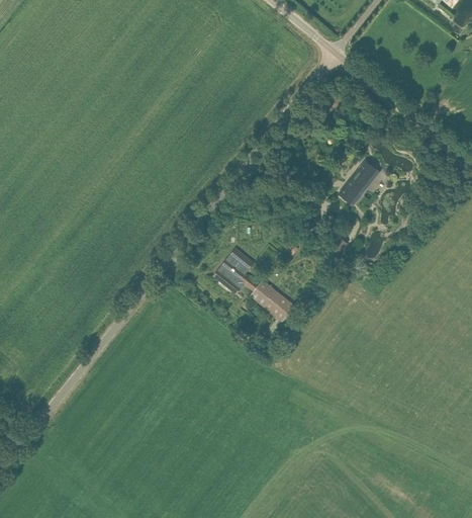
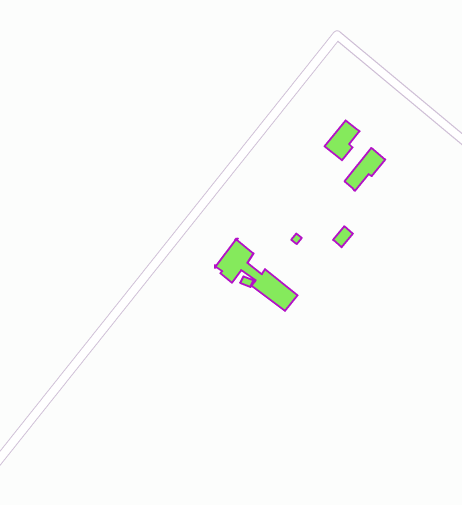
building: none -> [325,120,360,160]

